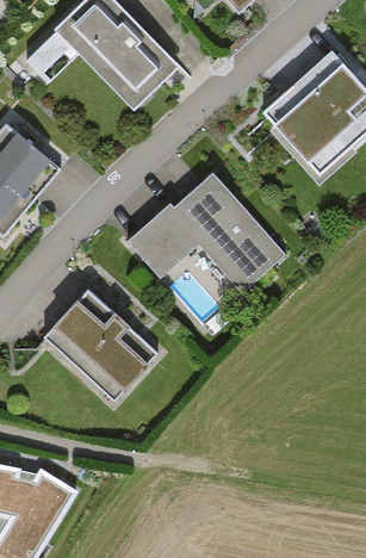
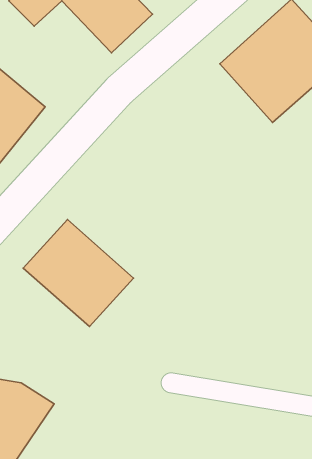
building: [128,178,278,293] -> none

